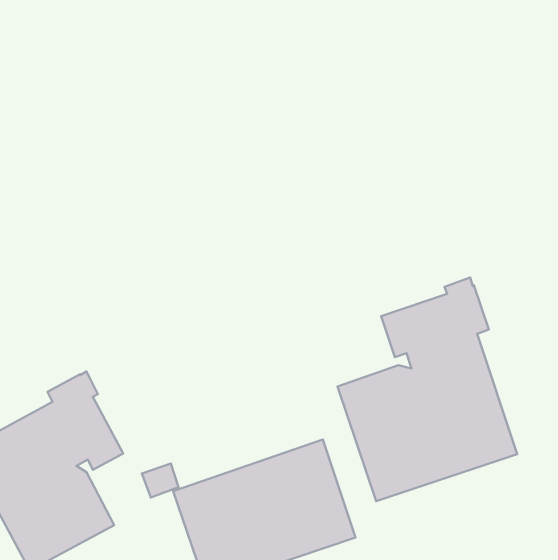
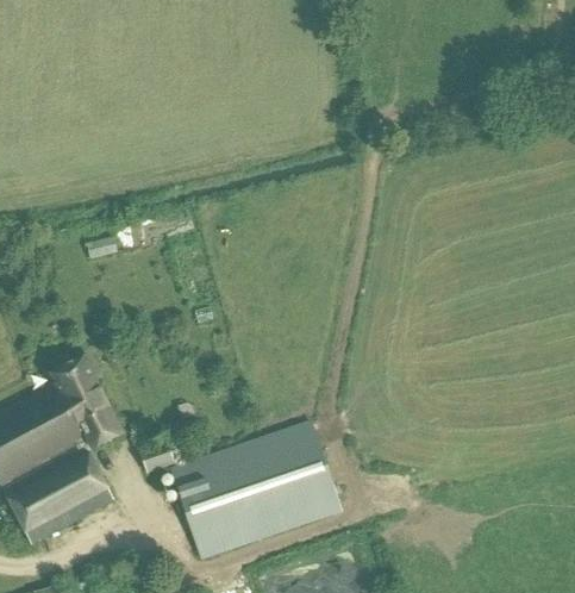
building: [338,277,517,501] -> none

